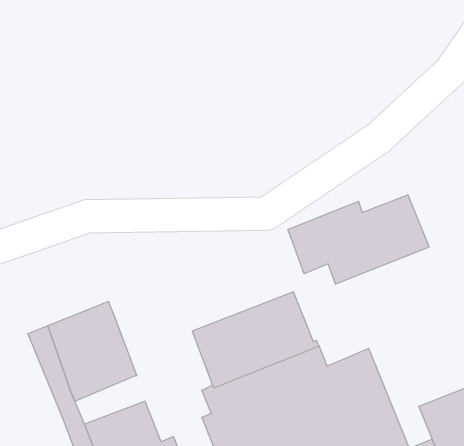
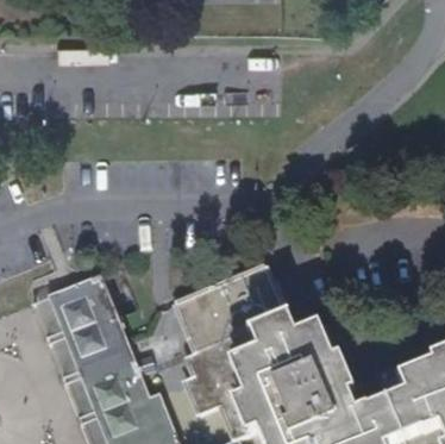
building: [288,195,429,284] -> none
building: none -> [73,337,134,380]

